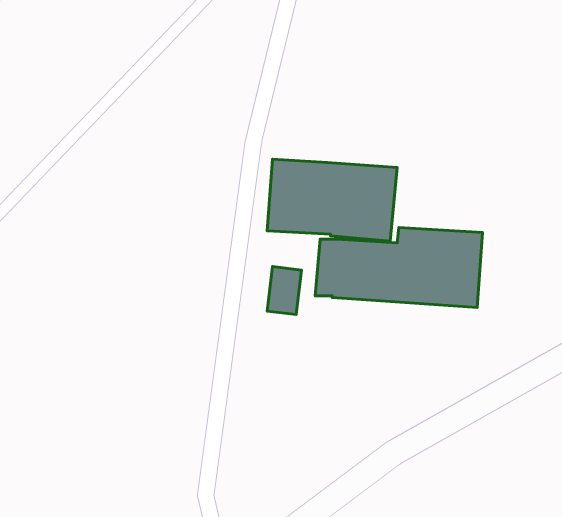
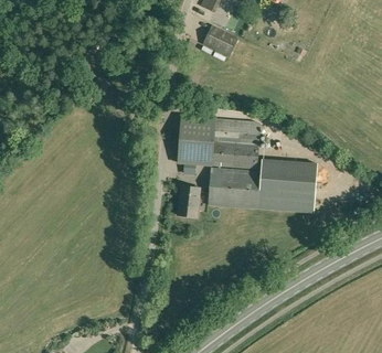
building: none -> [202,26,236,56]

